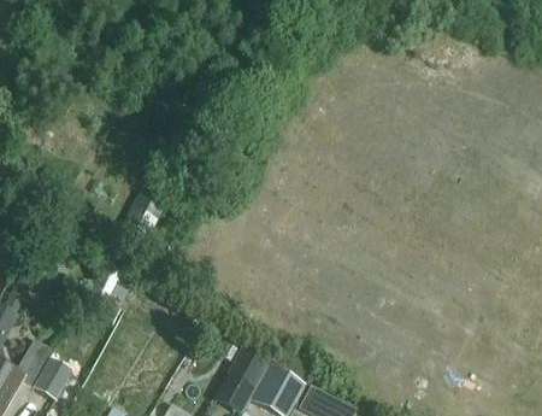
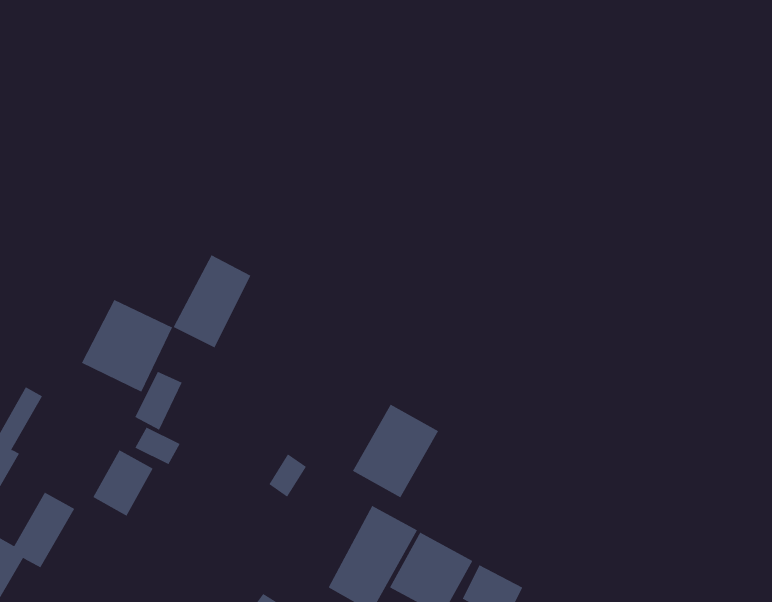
building: none -> [81,299,173,392]
building: none -> [352,404,439,498]
building: [34,358,72,400] -> [92,449,154,516]

